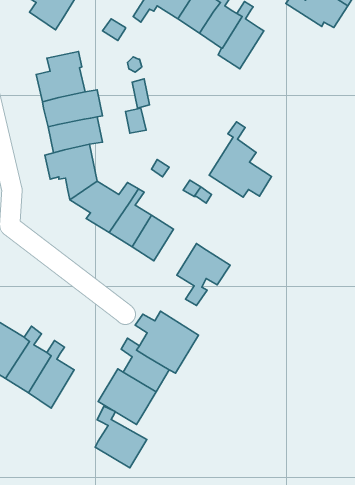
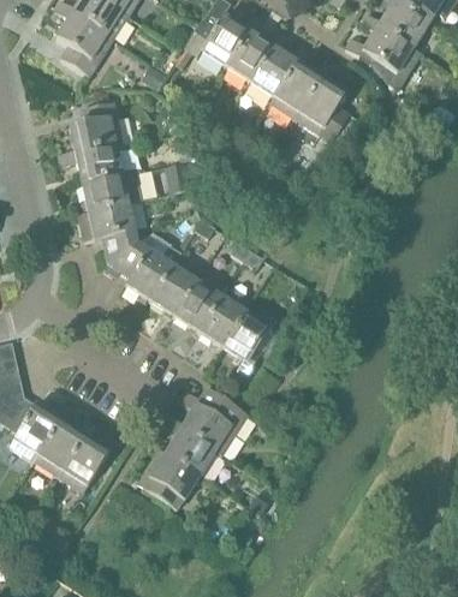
building: [209,122,271,197] -> [292,60,361,143]
building: none -> [197,295,250,346]
building: [95,406,147,468] -> none

